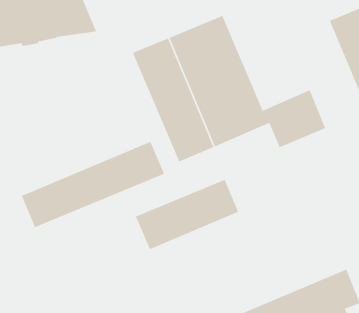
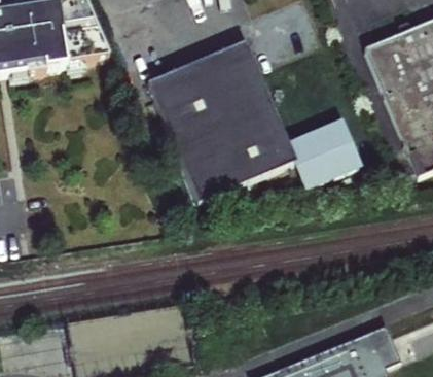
building: [21,141,165,228] -> none
building: [135,179,239,250] -> none

